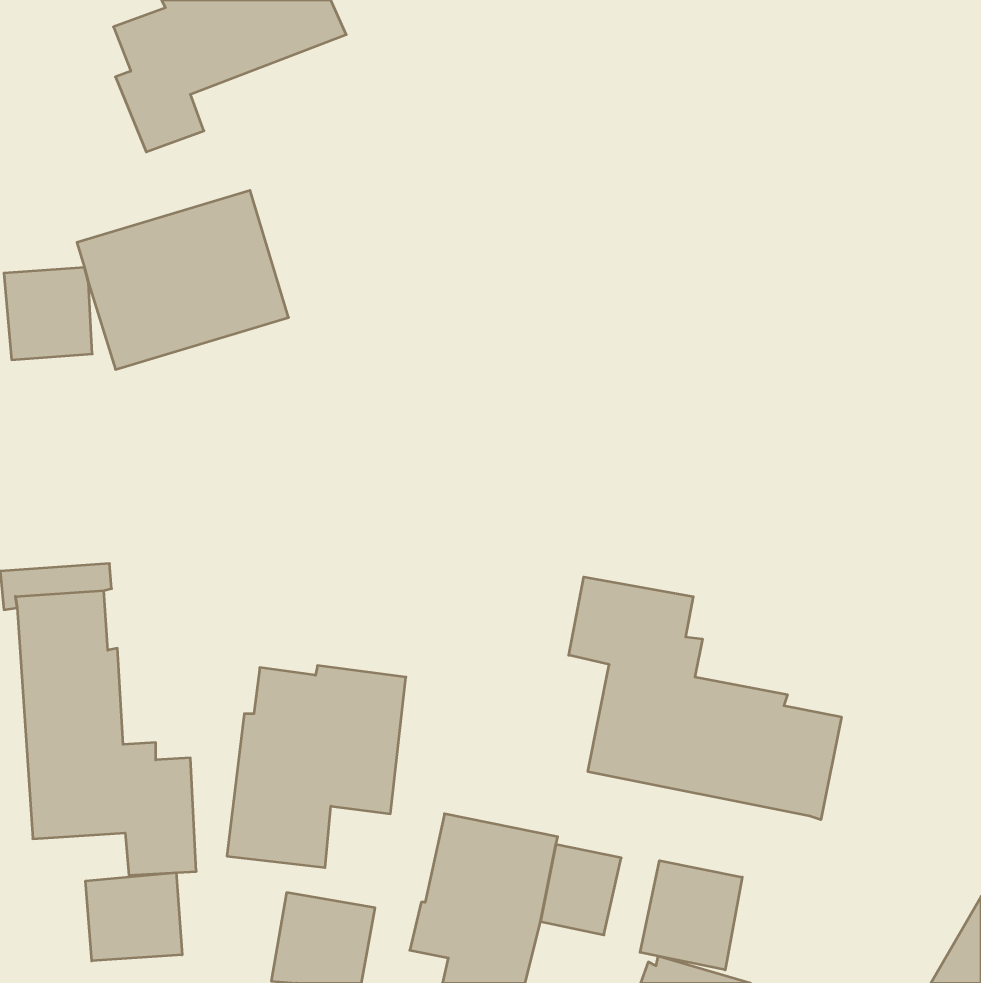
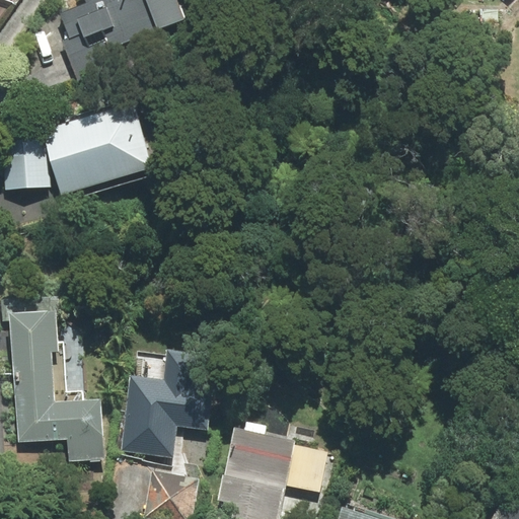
building: [569,577,841,820] -> none
building: [640,861,742,970] -> none
building: [86,873,182,961] -> none

